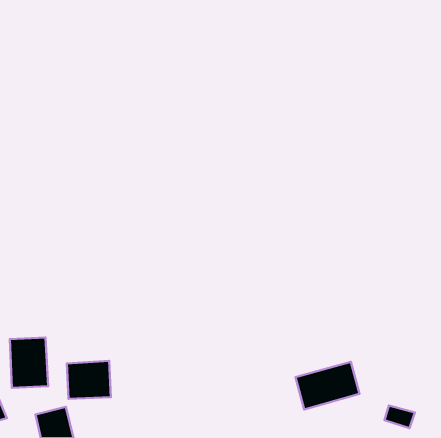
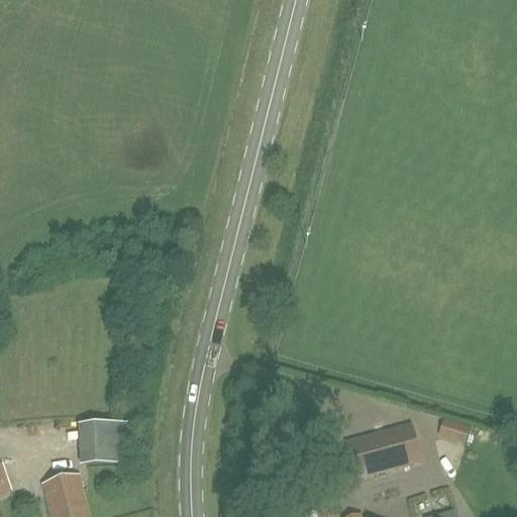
building: [10,337,48,388] -> none
building: [384,405,415,428] -> [435,415,471,441]

